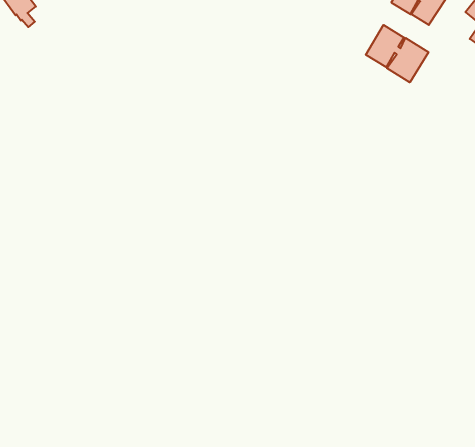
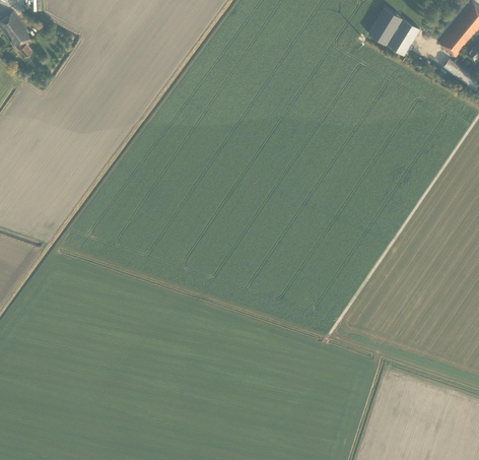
building: [366,25,428,82] -> none

